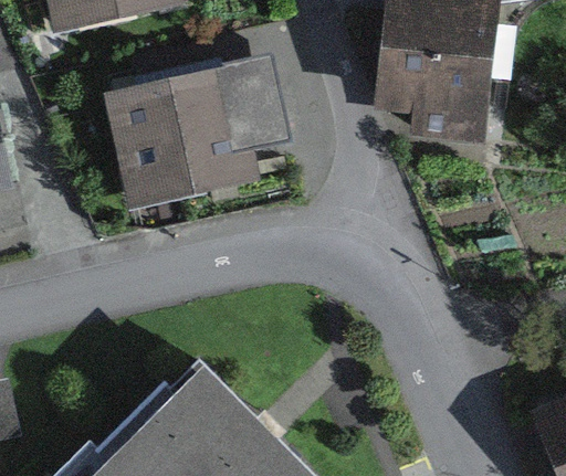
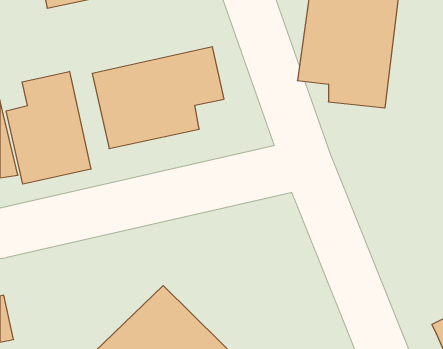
building: none -> [6,71,91,184]

